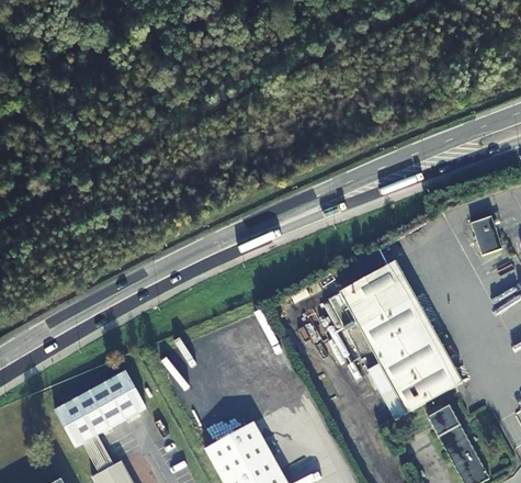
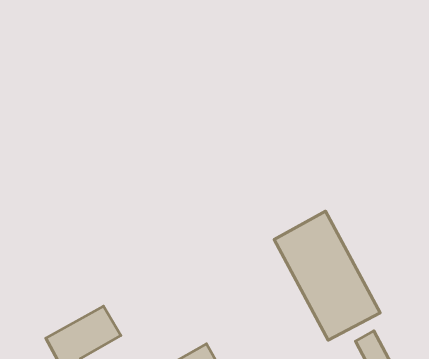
building: [471,216,501,257] -> none

